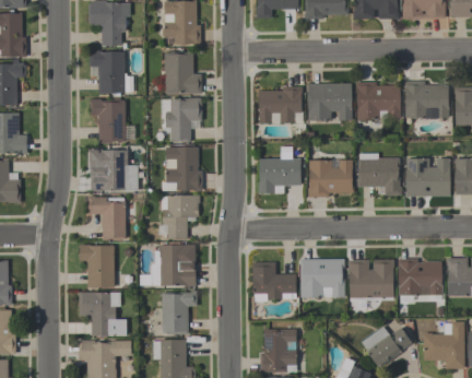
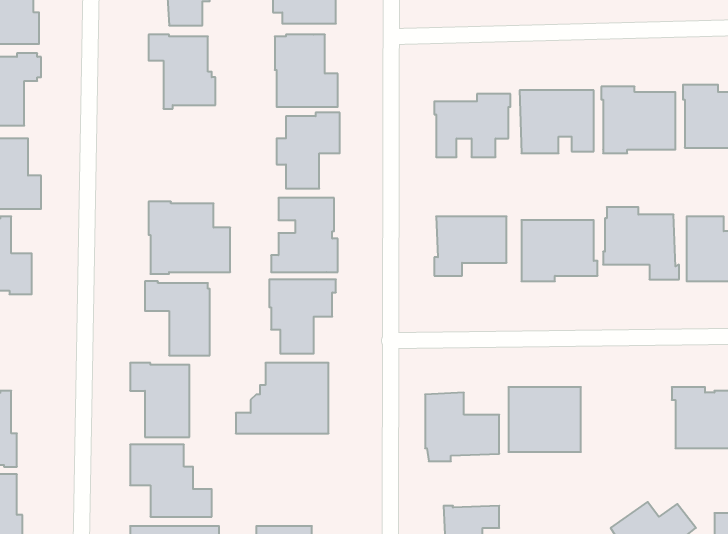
building: [90,99,126,144] -> none
building: [349,260,394,298] -> none
building: [162,291,197,335] -> none

